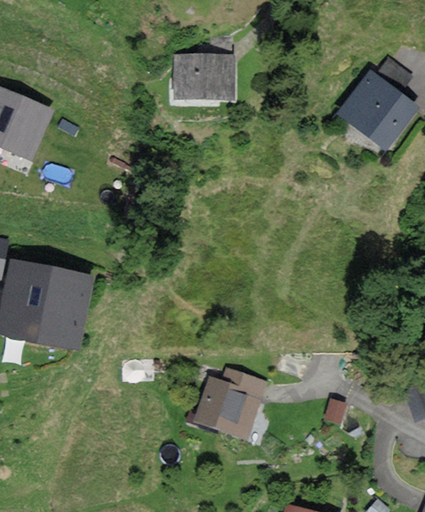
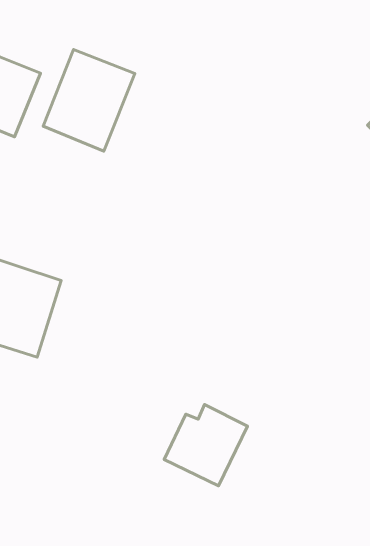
building: [176,56,233,98] -> none
building: none -> [43,50,135,151]

